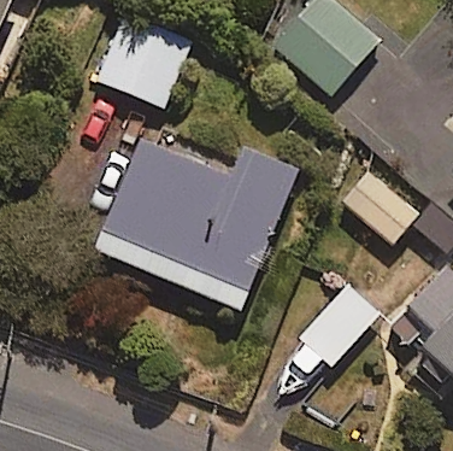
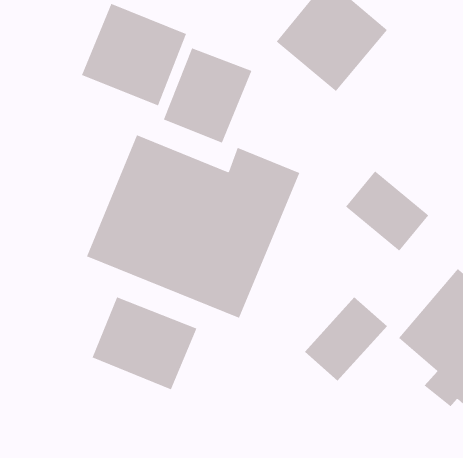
building: none -> [163,47,252,144]
building: none -> [92,296,197,390]

